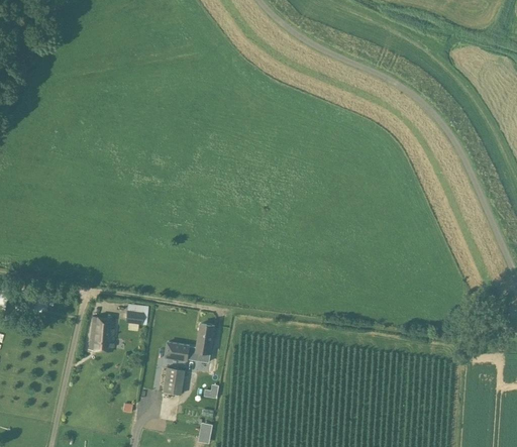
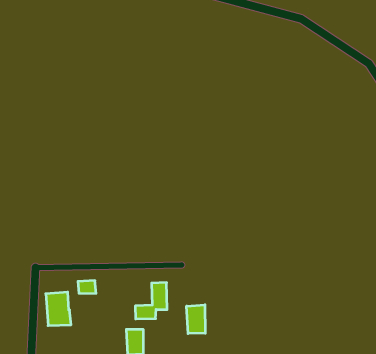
building: none -> [187,305,205,334]

